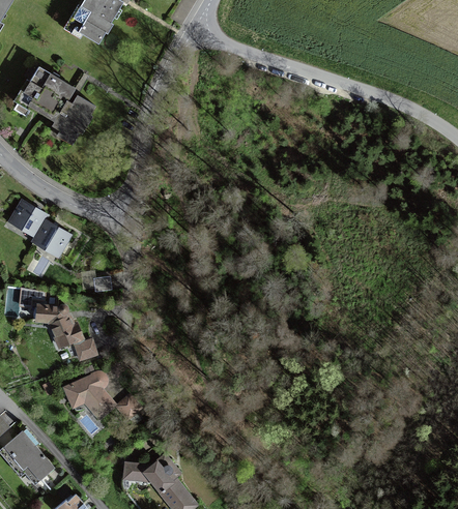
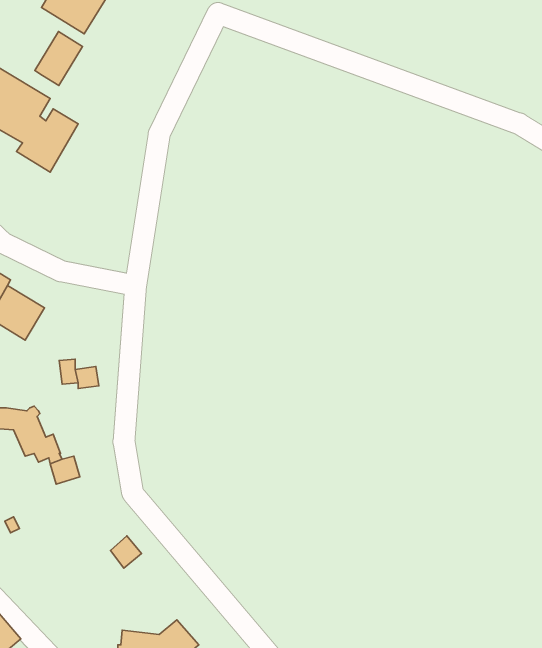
building: none -> [35,32,83,86]
building: [64,372,113,417] -> none

